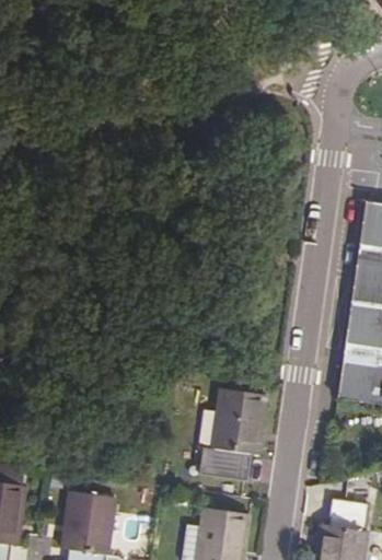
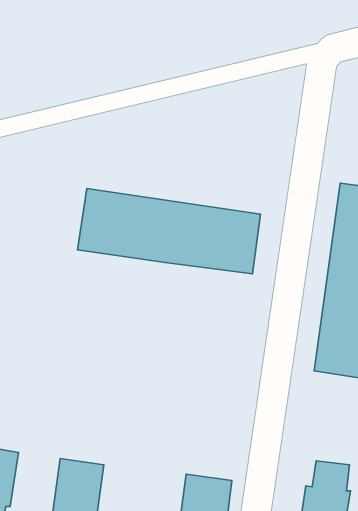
building: none -> [77,189,260,274]
building: [209,390,268,481] -> none

